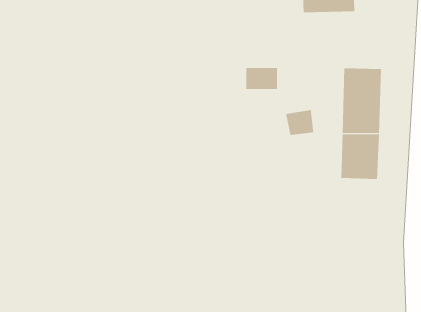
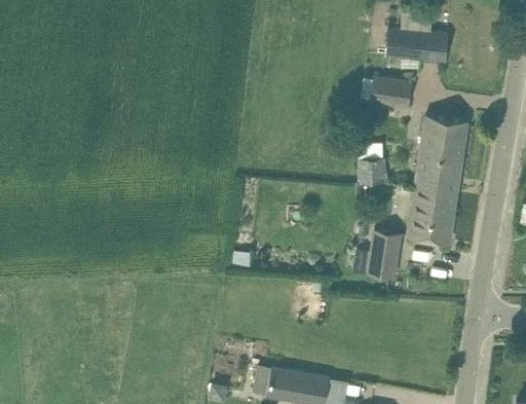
building: [245,67,278,90] -> [373,78,411,107]
building: none -> [369,231,402,279]

